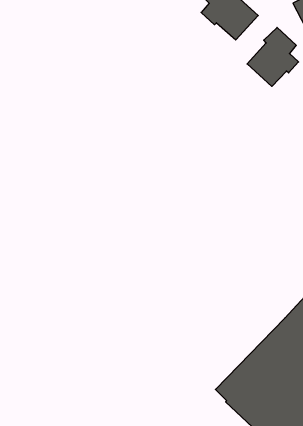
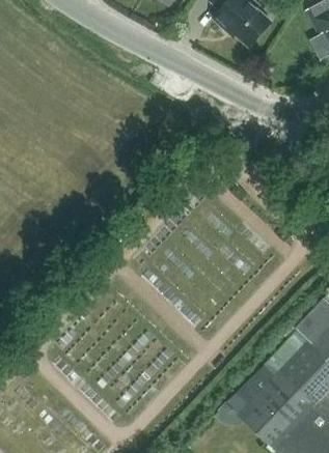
building: [247,27,299,86] -> none

